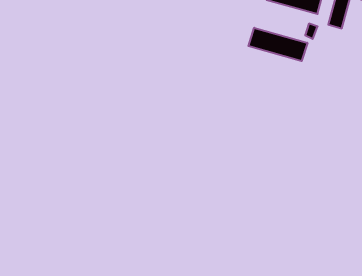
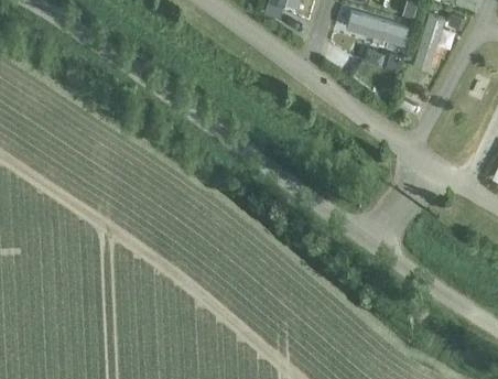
building: [248,28,307,61] -> none

